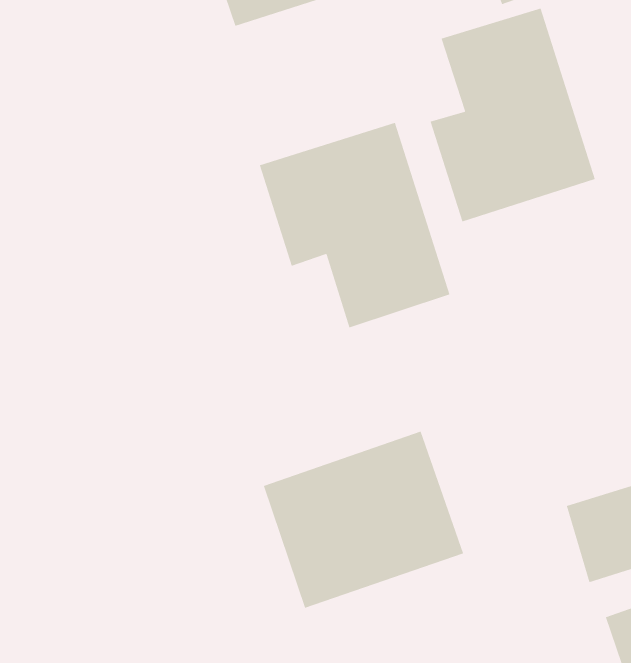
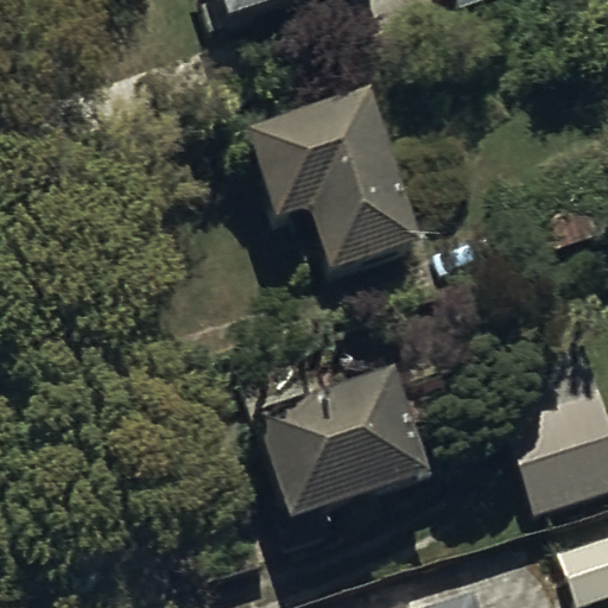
building: [429,7,596,222] -> none

